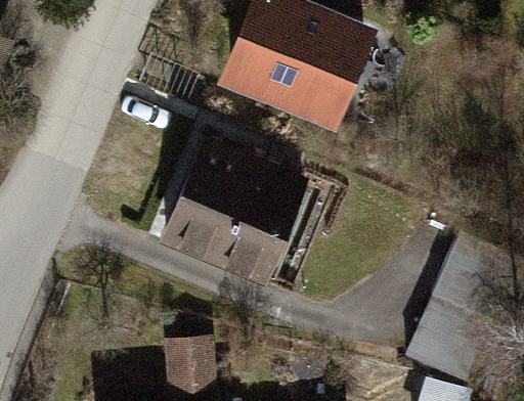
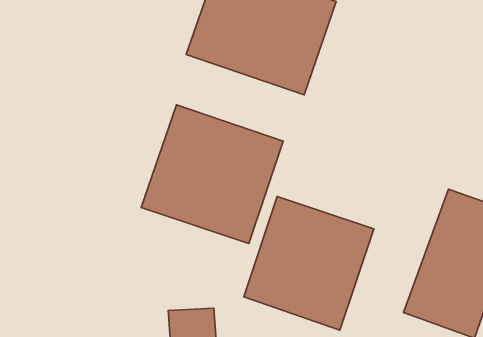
building: none -> [244,196,374,330]

